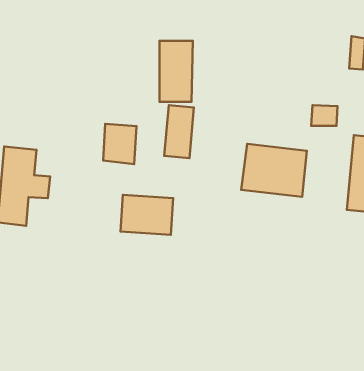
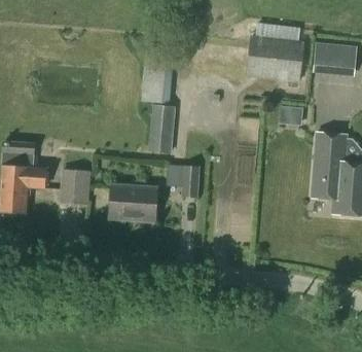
building: [103,124,136,164] -> [60,169,89,205]
building: [241,144,307,197] -> [245,35,303,82]
building: none -> [167,165,200,198]

